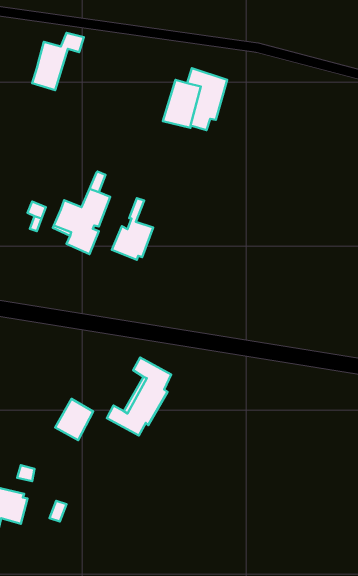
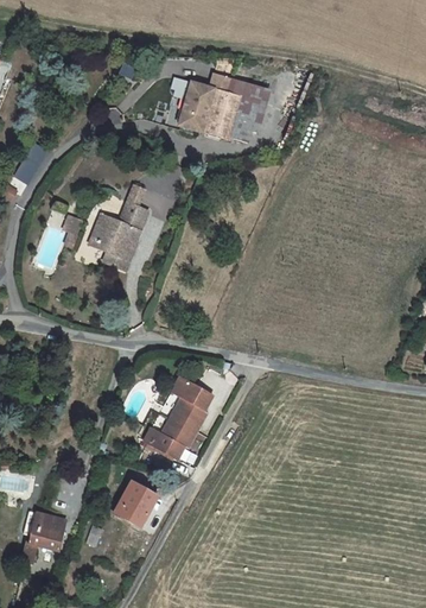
building: [32,33,84,90] -> [178,72,231,132]
building: [112,198,153,260] -> none
building: [55,399,93,440] -> [115,482,154,525]

